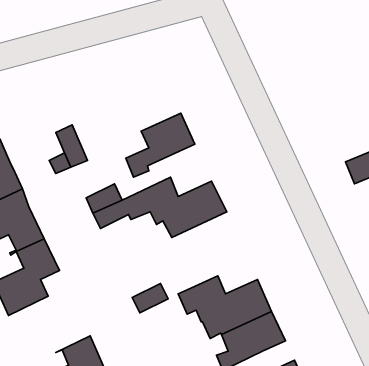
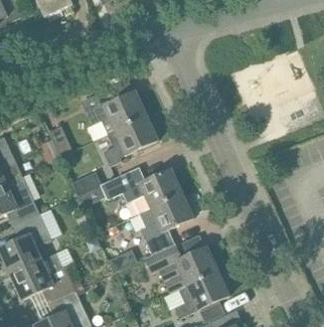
building: none -> [84,92,146,134]
building: none -> [139,193,193,255]
building: none -> [10,260,74,304]

